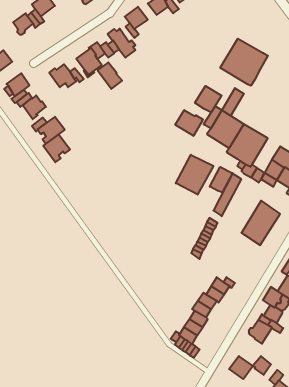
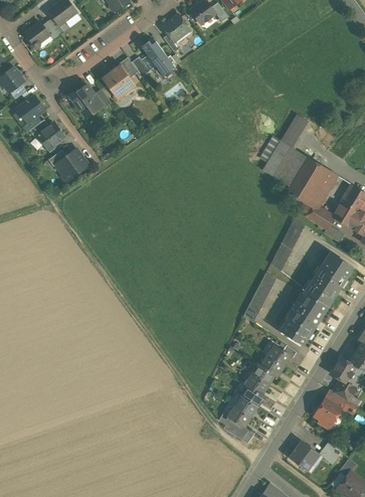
building: [220,39,268,86] -> none
building: [98,62,122,89] -> none
building: [195,86,222,113] -> none
building: [175,110,203,136] -> none
building: [43,135,70,162] -> none
building: [176,155,213,195] -> none
building: [210,167,233,193] -> none
building: none -> [280,291,328,345]

